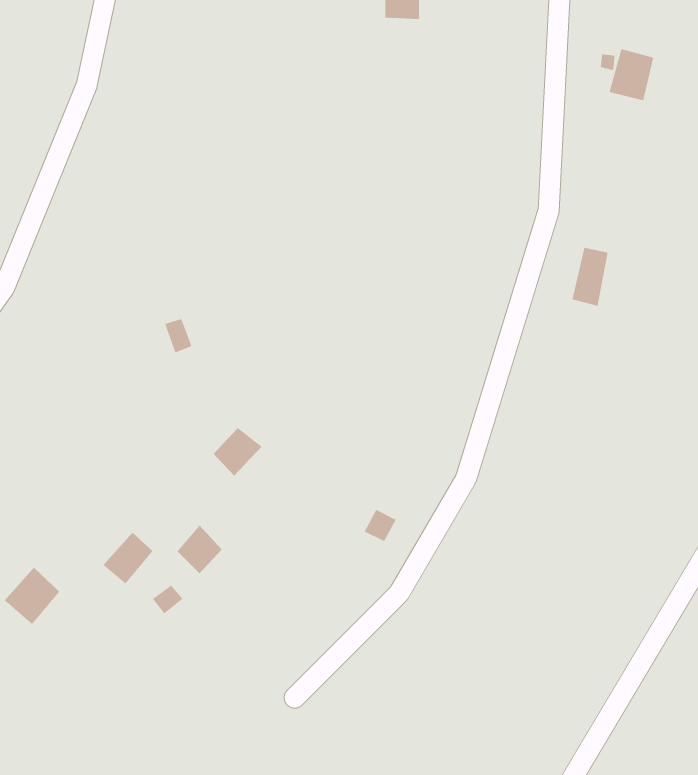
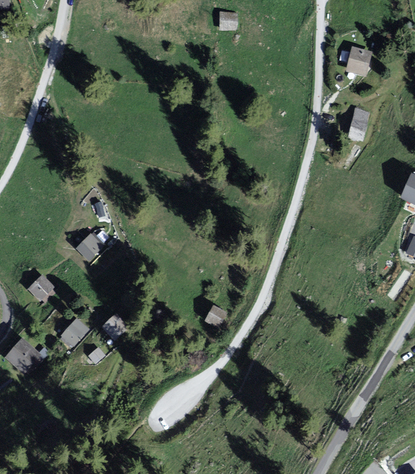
building: [572,247,609,307] -> [348,106,369,140]
building: [213,427,262,477] -> [74,234,102,262]
building: none -> [26,276,53,303]

